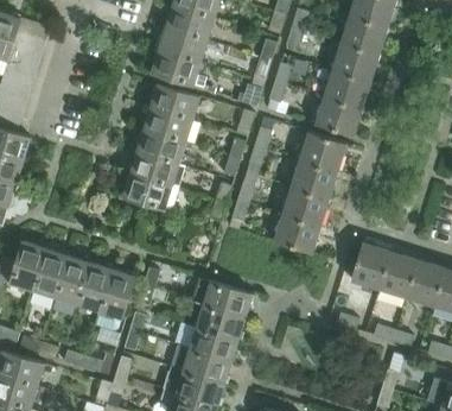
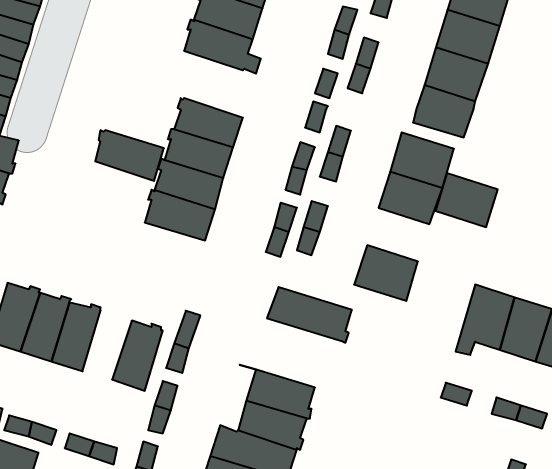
building: [151,83,200,120] -> [95,130,164,181]
building: [284,185,329,225] -> [436,173,498,227]
building: [77,260,113,310] -> none
building: [191,277,253,317] -> [267,287,352,343]

